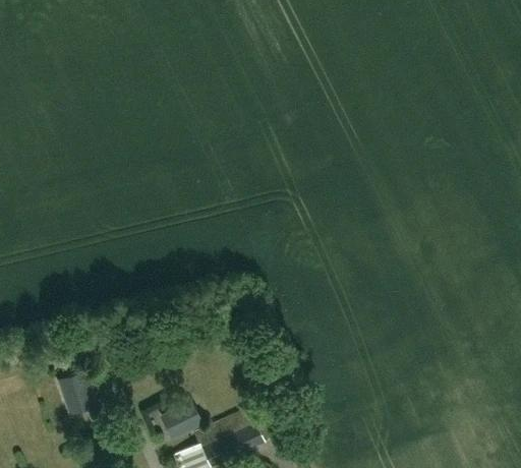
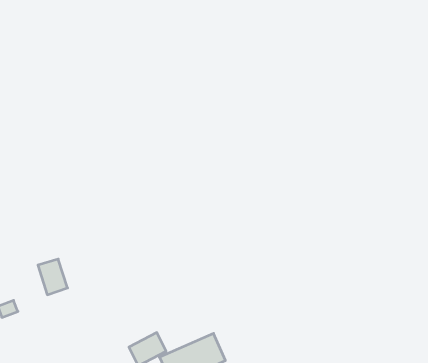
building: [57,374,93,417] -> [38,259,68,295]

